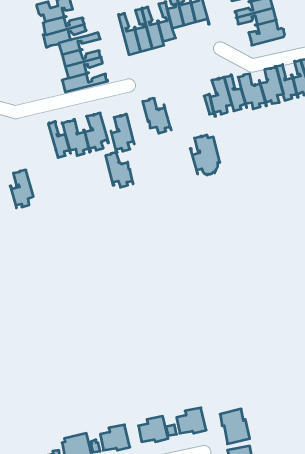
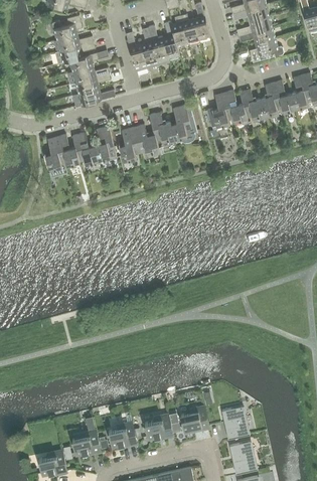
building: [190,135,220,175] -> [168,105,196,143]
building: [106,152,133,187] -> [133,124,159,157]
building: [10,170,33,208] -> [43,136,65,172]

